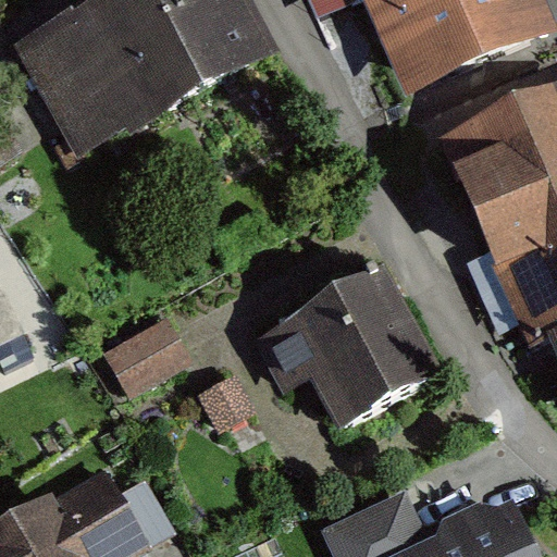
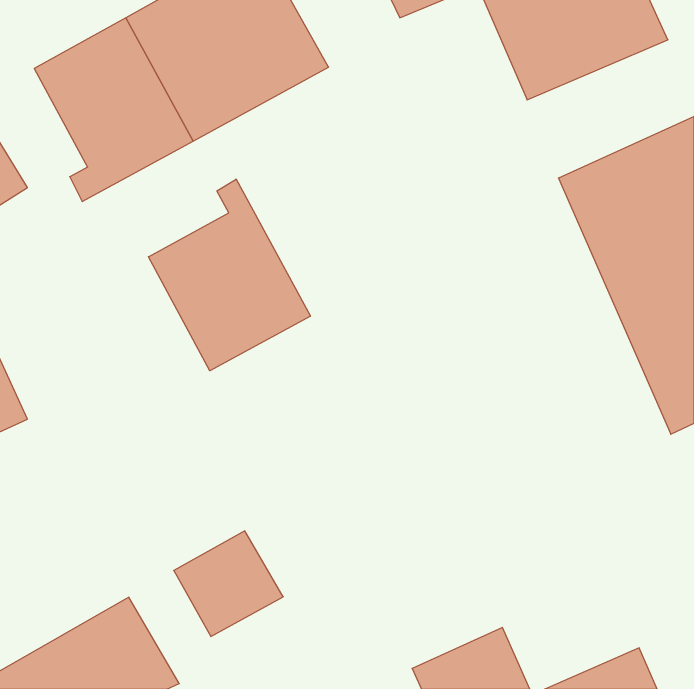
building: none -> [148,179,310,371]
building: [261,274,433,425] -> none
building: [99,308,186,392] -> [174,531,283,636]

